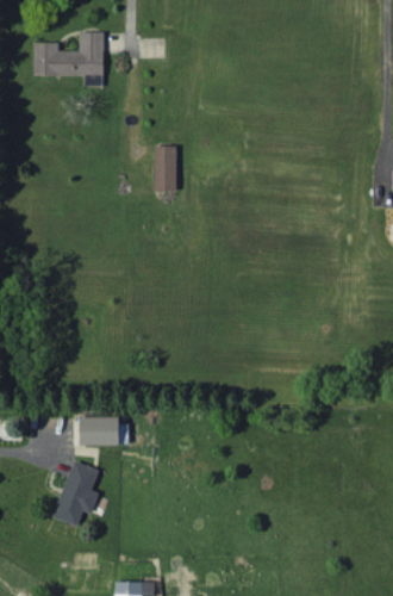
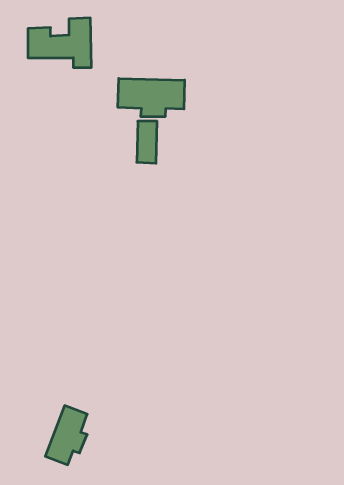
building: none -> [118,78,185,117]
building: [79,416,129,446] -> none

